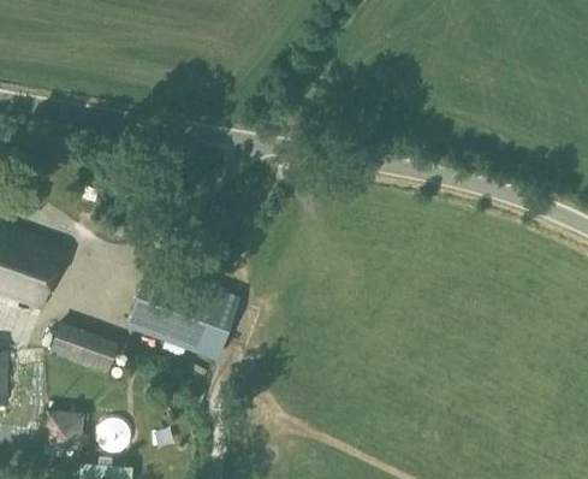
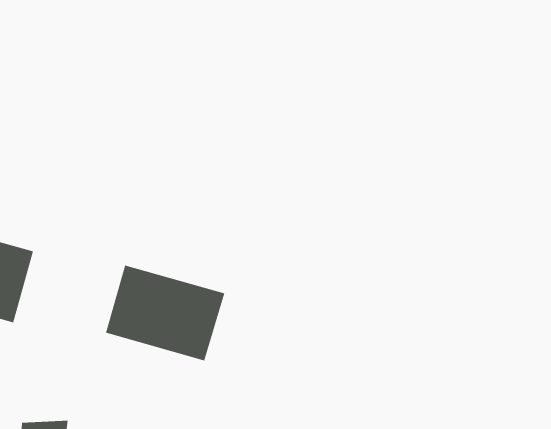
building: [48,324,115,374] -> none

